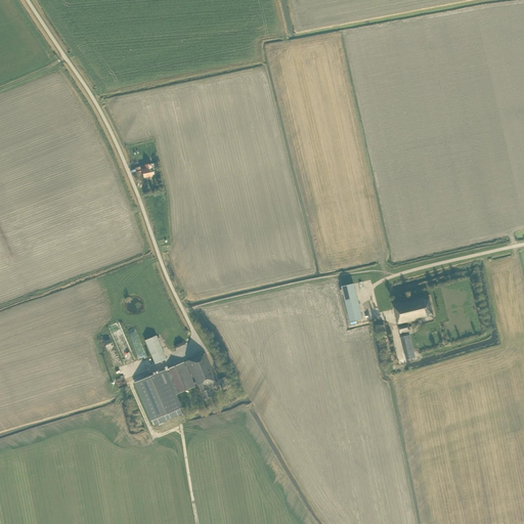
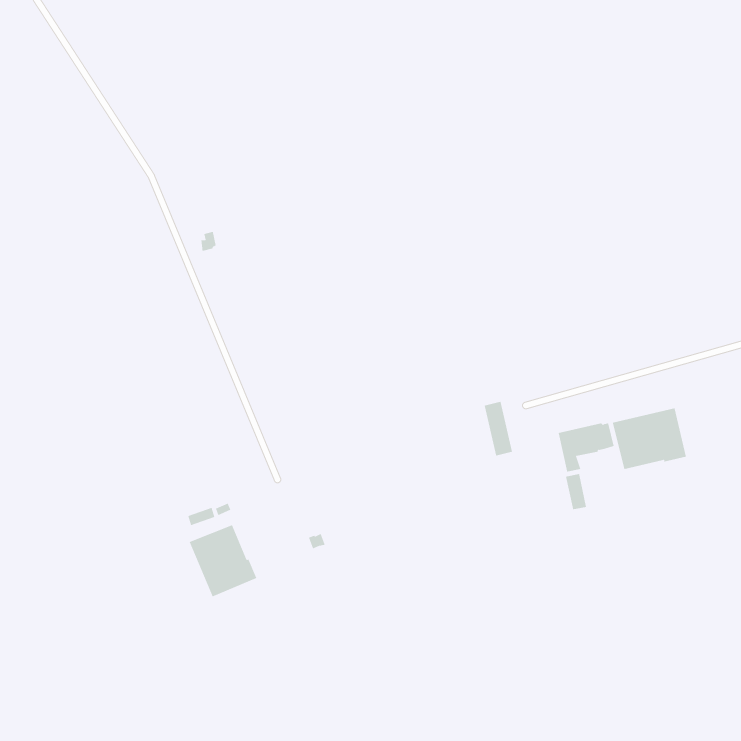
building: none -> [612,407,687,470]
building: [164,352,216,398] -> none

